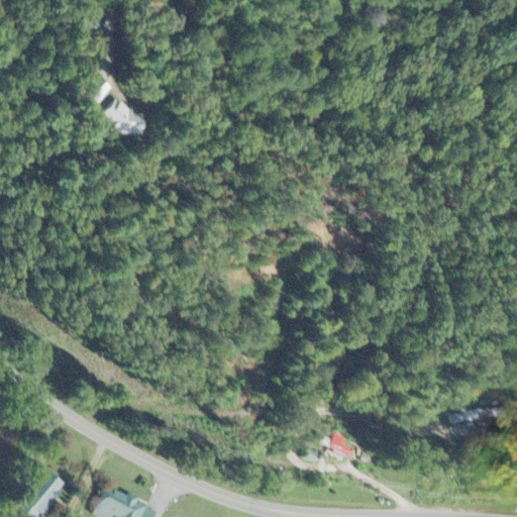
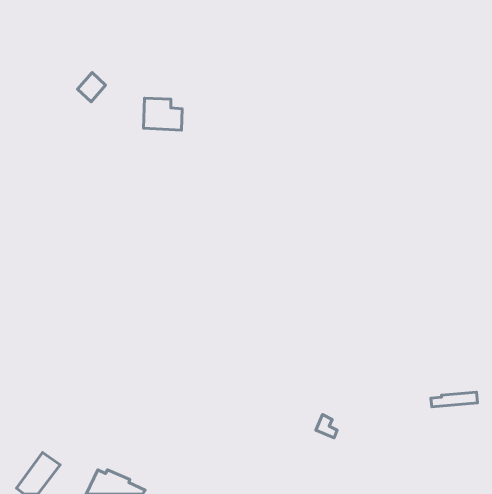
building: [104,104,144,137] -> [144,98,182,130]

